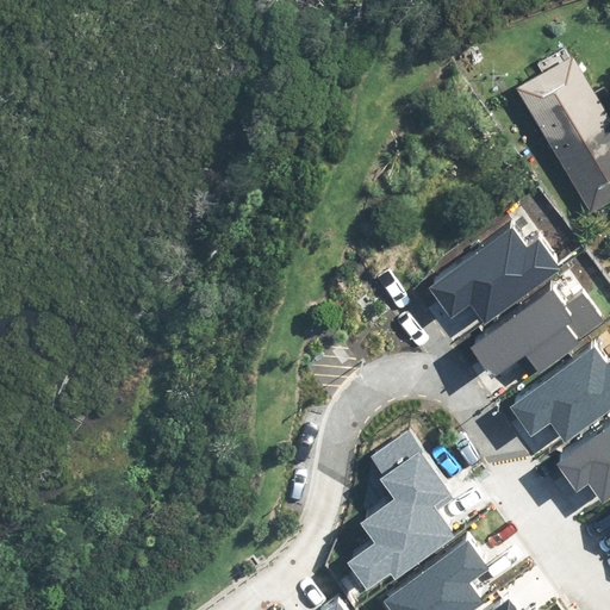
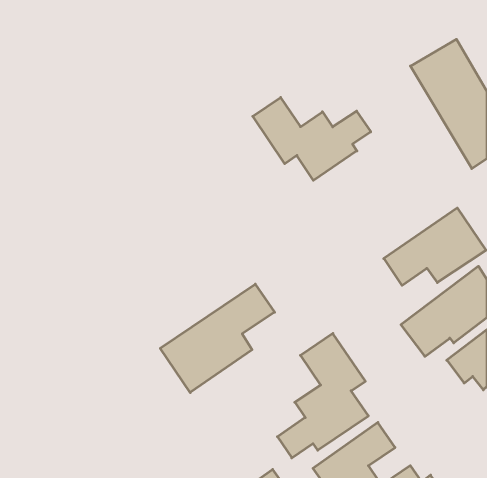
building: none -> [253,97,371,180]
building: [430,218,568,329] -> none
building: none -> [160,284,275,393]

